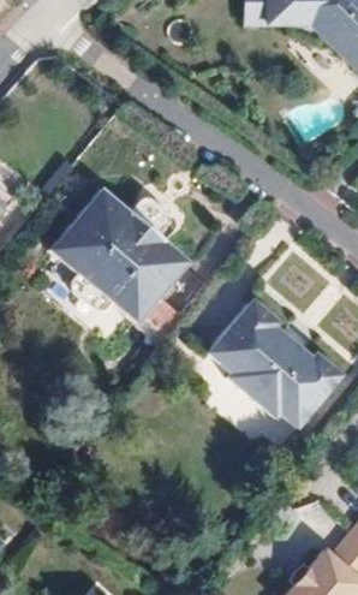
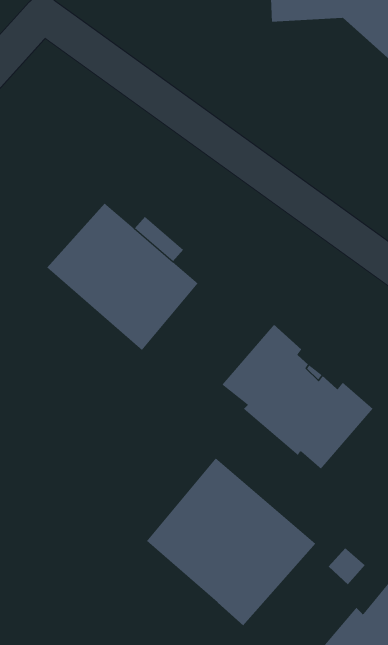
building: none -> [146,458,316,626]

